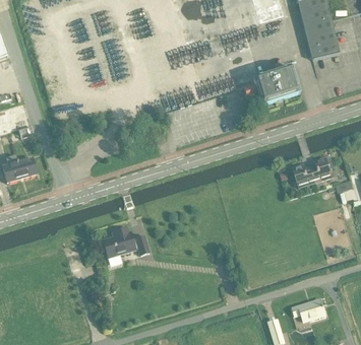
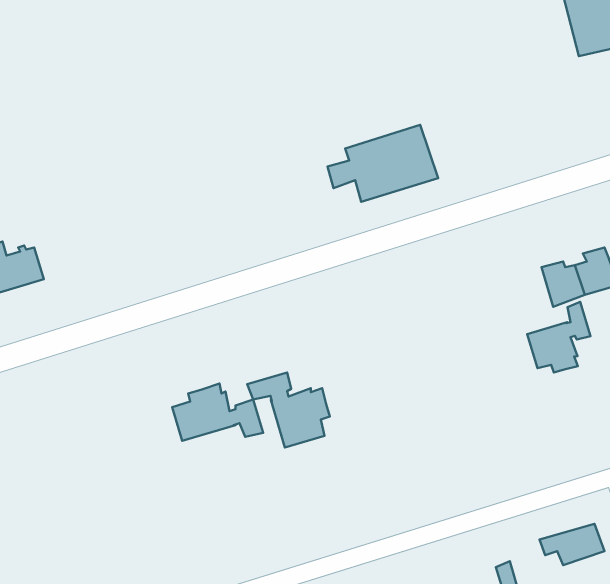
building: [243,65,300,105] -> [328,125,438,202]
building: none -> [527,302,591,373]
building: none -> [247,373,330,448]

